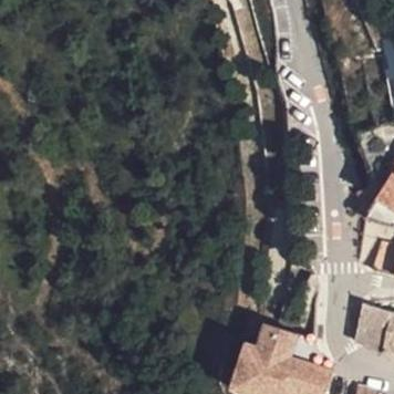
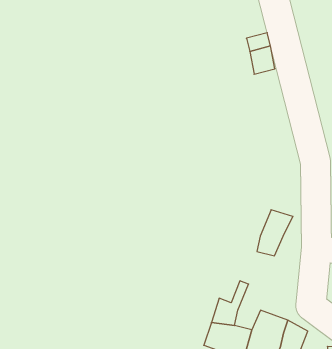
building: [257,319,293,365] -> [257,210,293,256]

